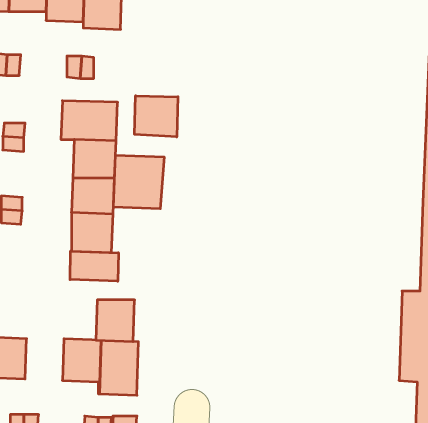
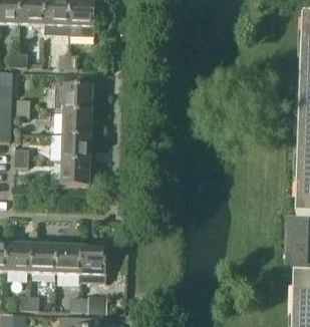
building: [135,96,178,137] -> none
building: [114,155,164,209] -> none
building: [70,251,118,281] -> none
building: [96,300,135,342] -> [31,244,57,272]

